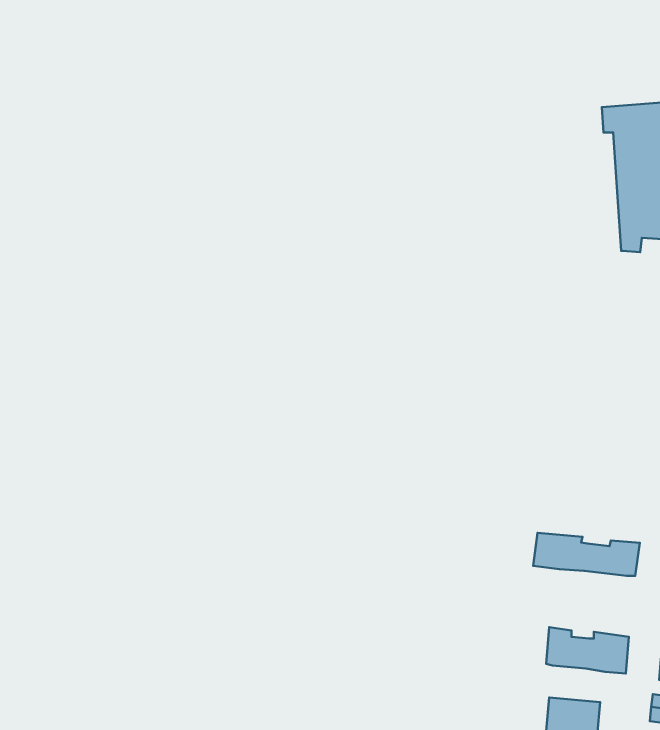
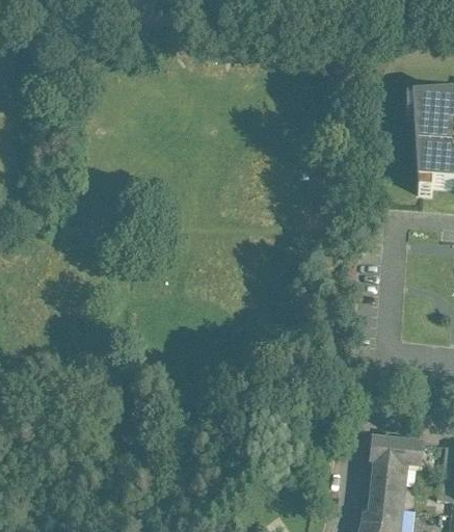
building: [533,533,640,576] -> none
building: none -> [371,456,407,480]

